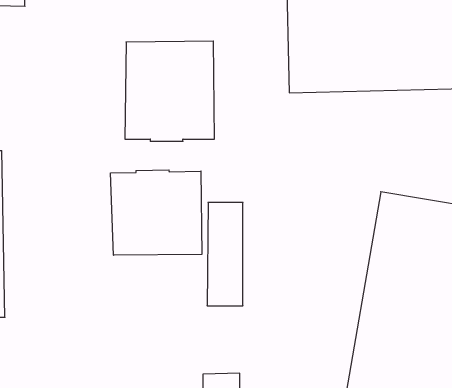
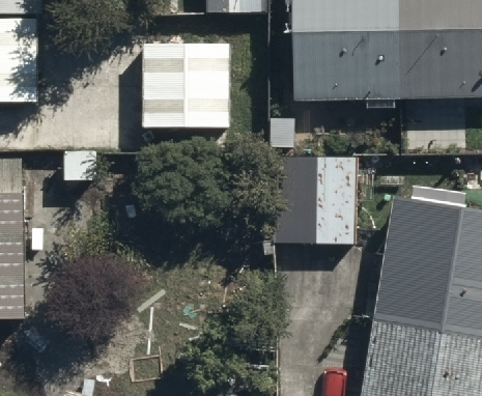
building: none -> [275,159,361,242]
building: [111,170,202,255] -> none

